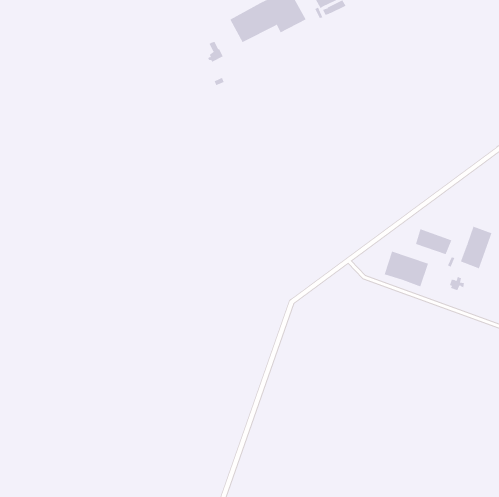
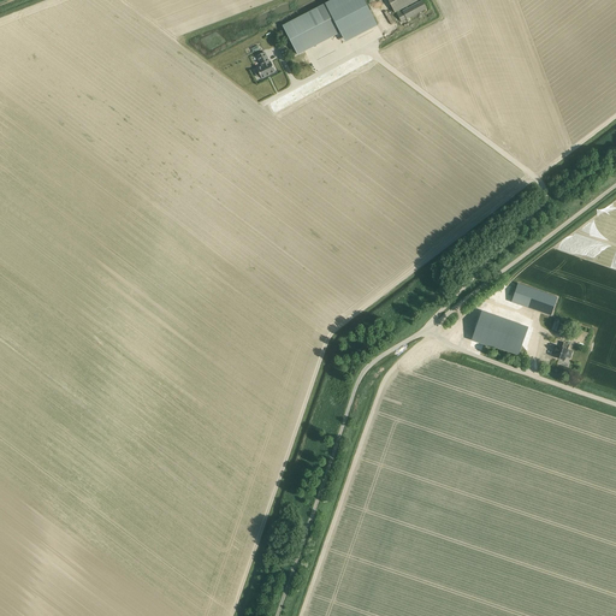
building: [460,226,492,269] -> none

